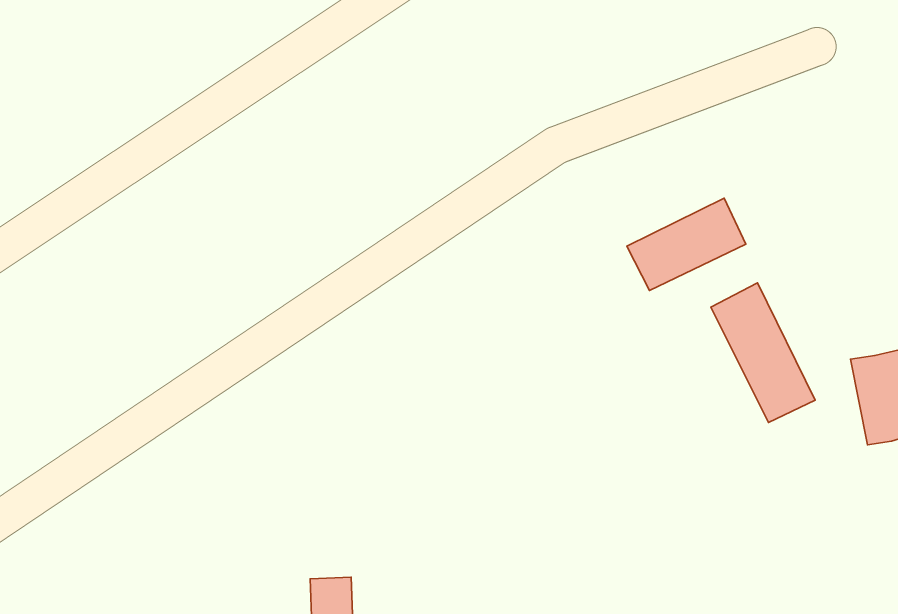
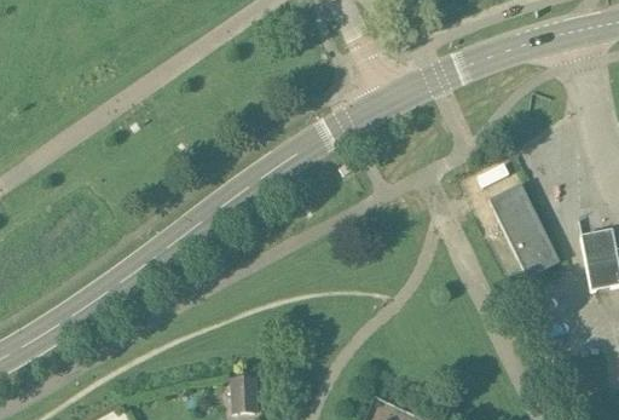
building: [627,198,746,291] -> none

